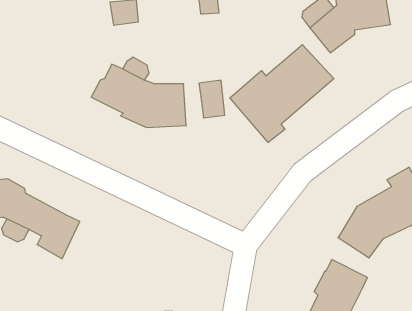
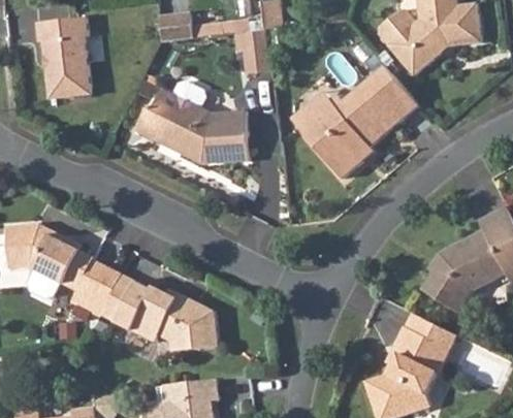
building: none -> [36,18,91,97]
building: [199,81,225,118] -> [238,29,268,72]
building: none -> [115,282,212,347]

